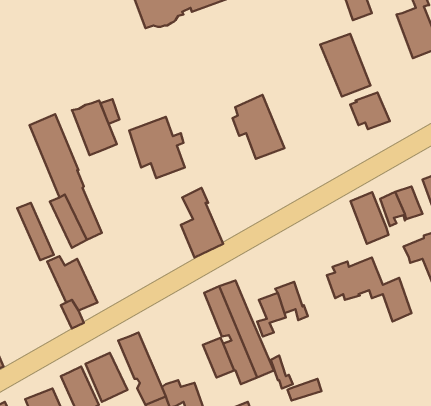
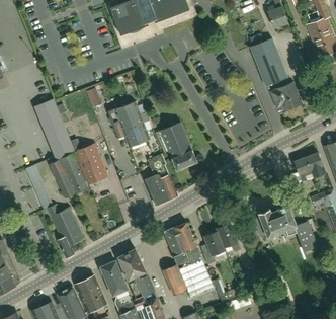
building: [232,95,284,159] -> [158,122,196,169]
building: [72,101,117,155] -> [74,143,107,183]
building: [350,192,388,244] -> none
building: none -> [117,248,154,299]

